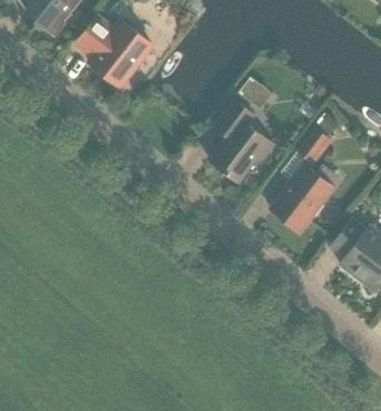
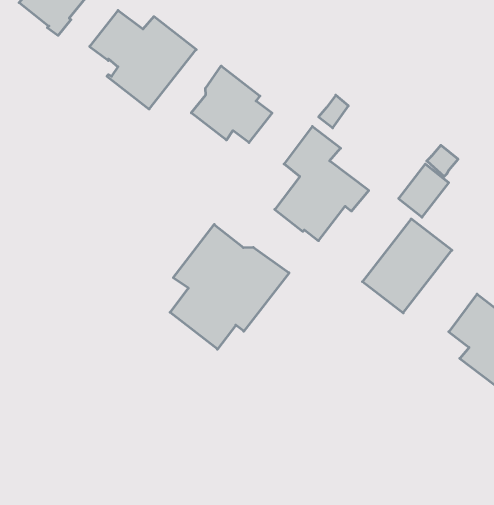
building: none -> [191,66,272,143]
building: none -> [170,224,289,349]

